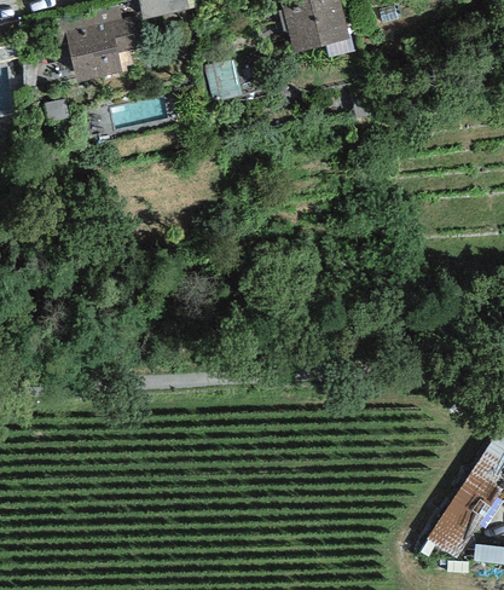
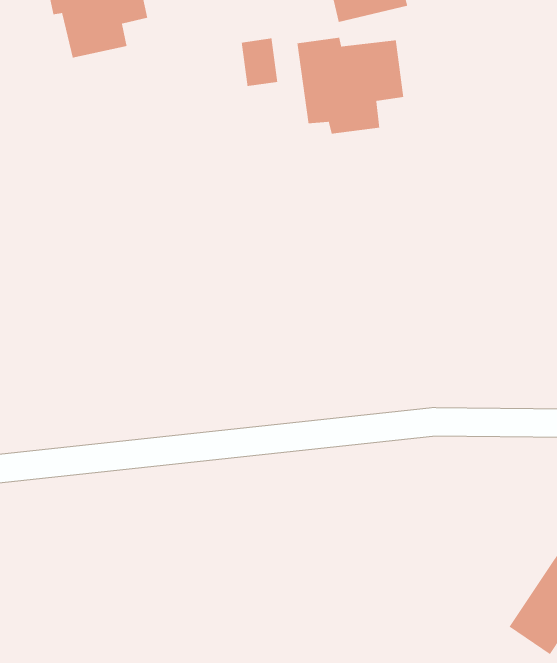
building: none -> [297,37,404,134]

